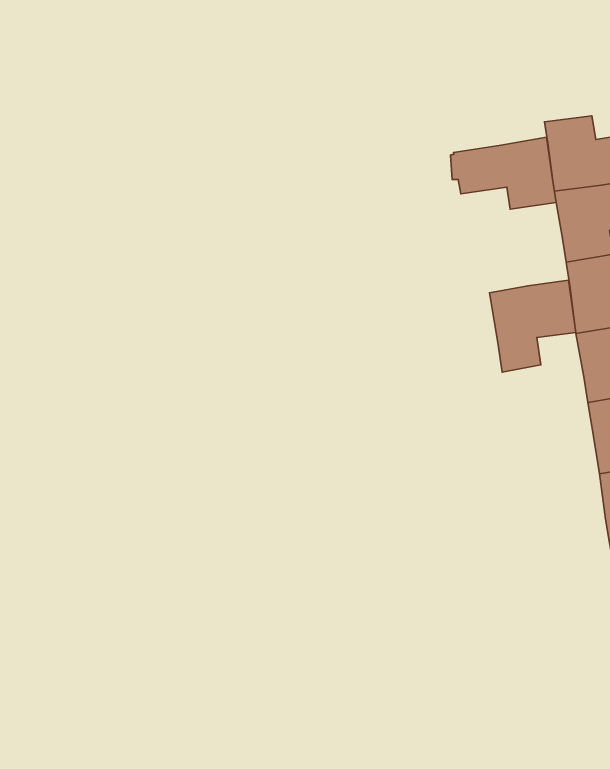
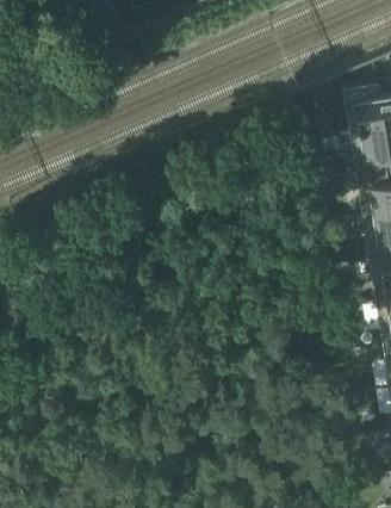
building: [450,137,556,209] -> none
building: [489,280,576,372] -> none

